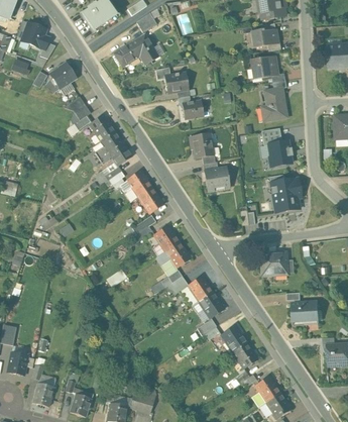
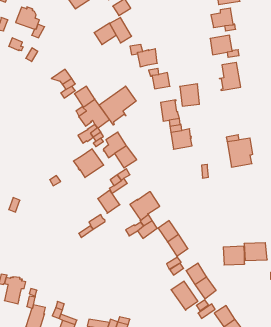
building: [43,62,76,95] -> none
building: none -> [99,86,136,125]
building: [267,139,291,166] -> [180,84,199,106]
building: none -> [73,149,104,178]
building: [153,224,180,251] -> [98,190,120,213]
building: [260,252,285,275] -> [223,246,245,265]
building: none -> [171,281,198,310]

